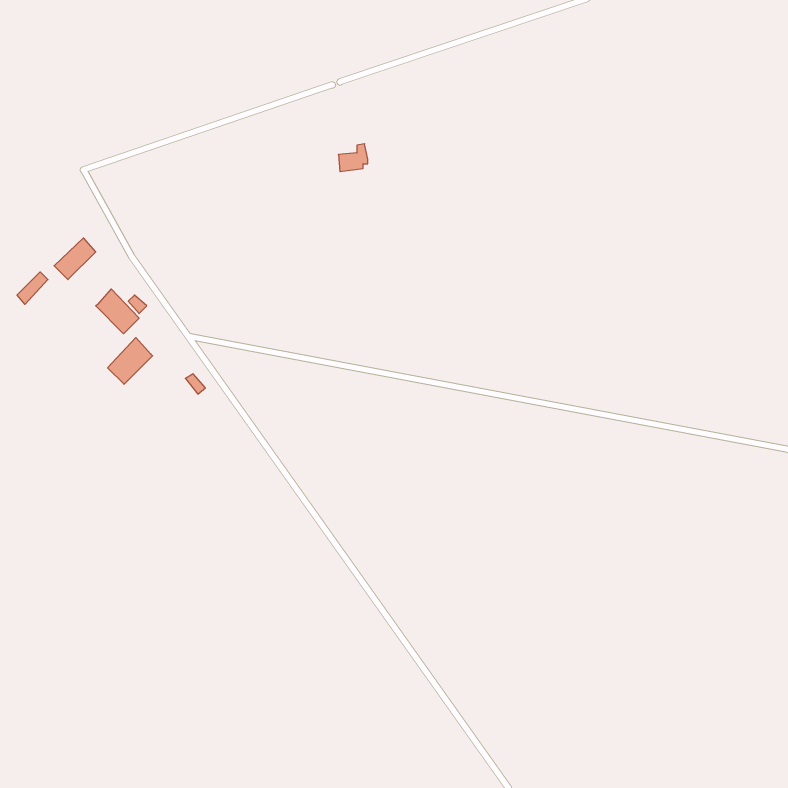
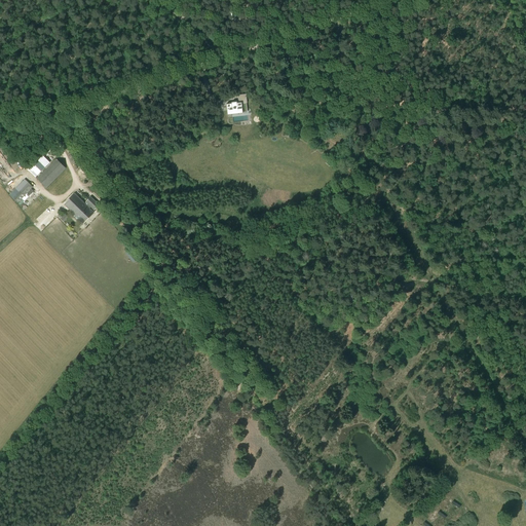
building: [108,338,153,384] -> none

